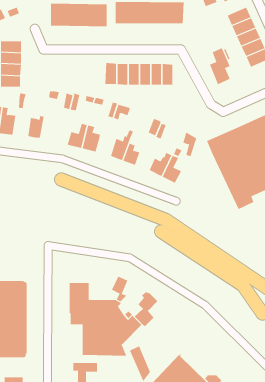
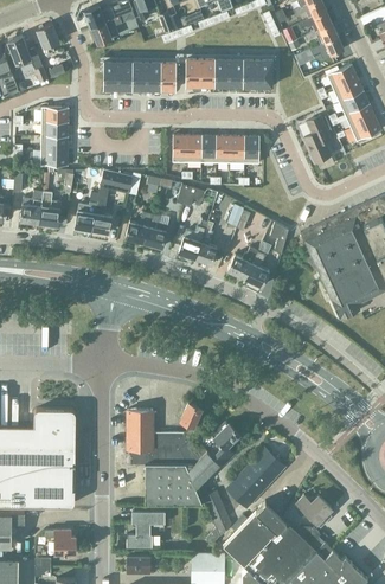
building: none -> [91,182,111,233]
building: none -> [225,447,285,508]
building: none -> [296,495,332,521]

